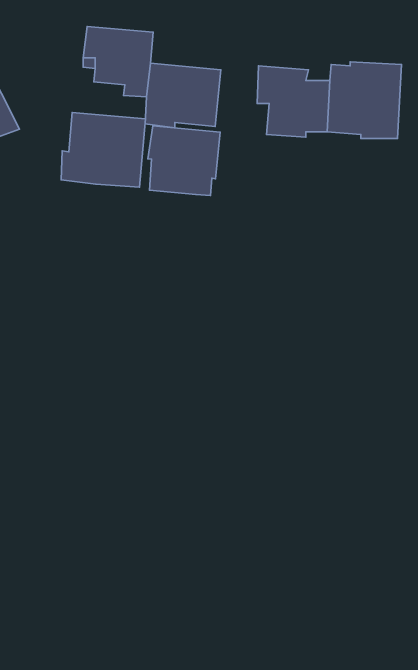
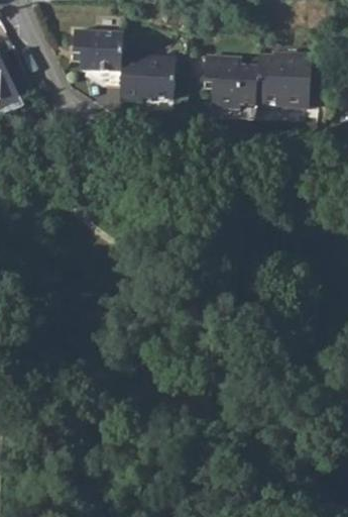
building: [61,112,145,187] -> none
building: [148,126,220,196] -> none

